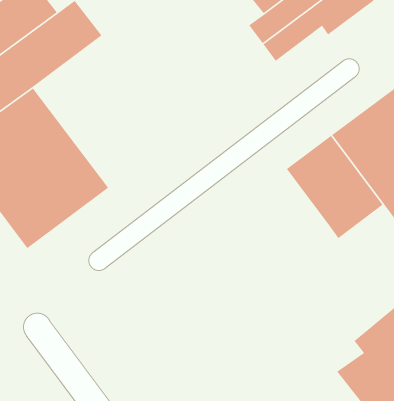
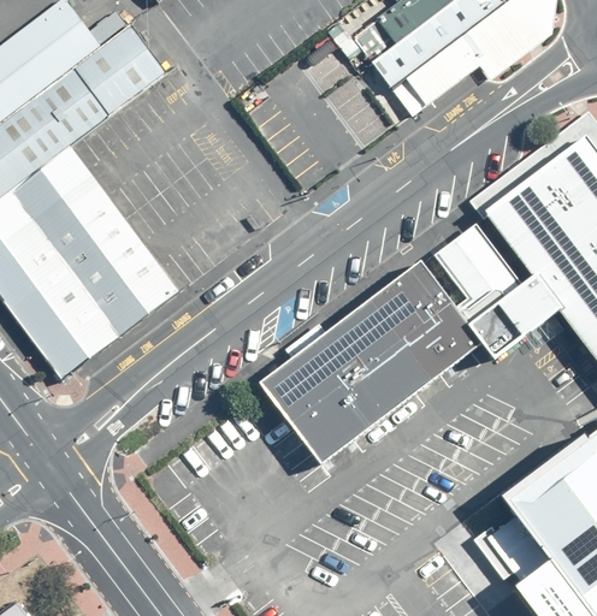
building: none -> [261,260,481,458]

